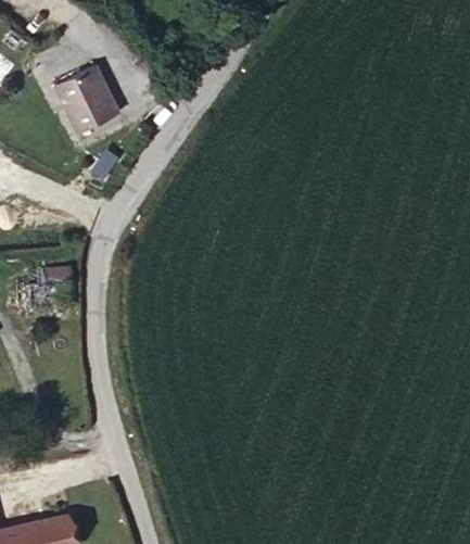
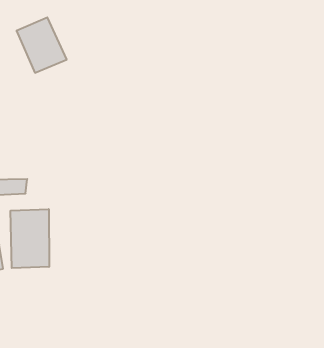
building: none -> [11,209,49,268]

